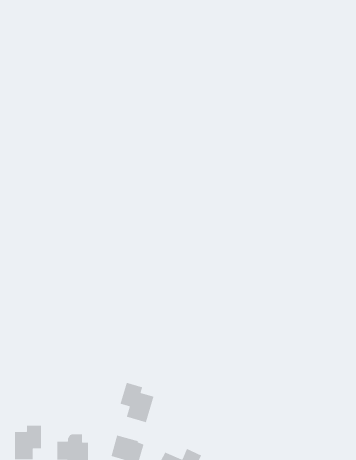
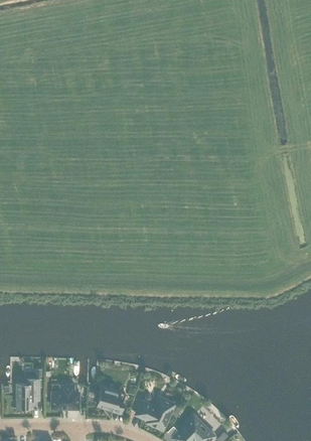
building: [120,382,154,425] -> none

